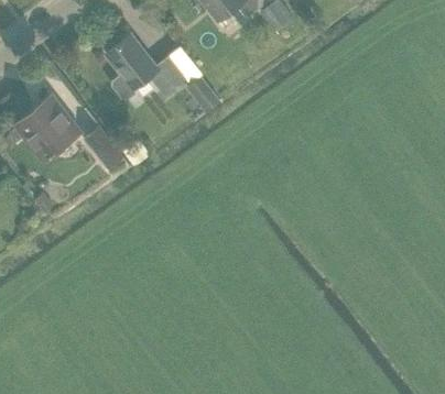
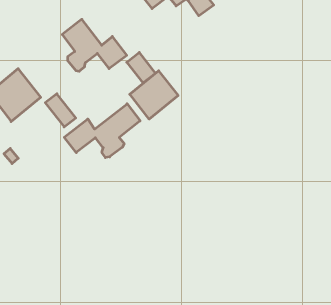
building: none -> [130,71,178,119]
building: none -> [64,104,140,158]

